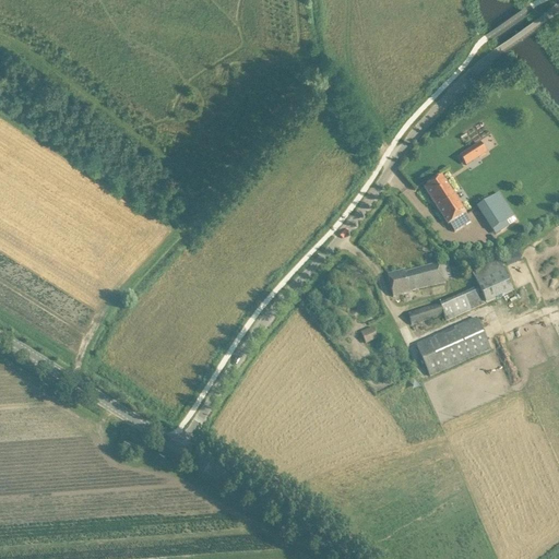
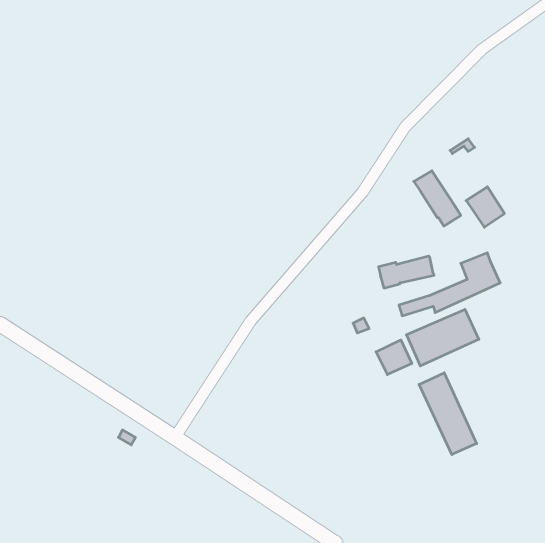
building: none -> [376,340,412,375]
building: none -> [419,373,477,455]

